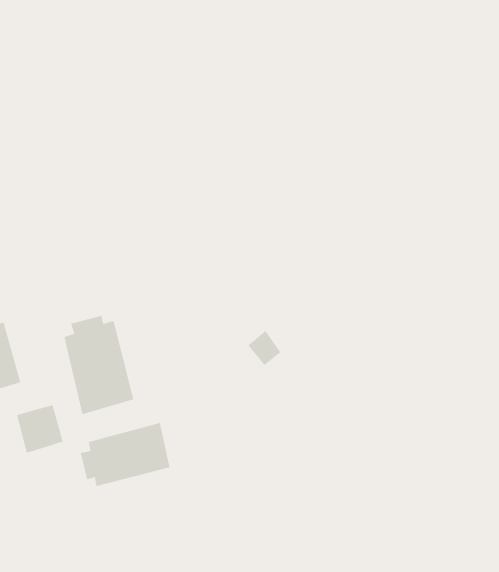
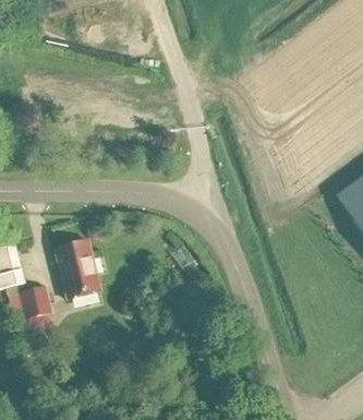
building: [80,422,170,487] -> none

